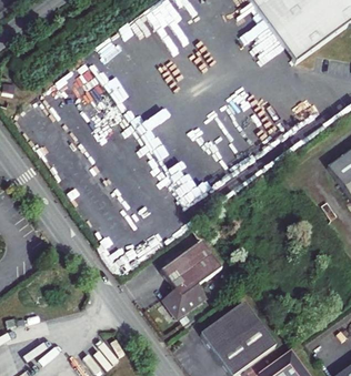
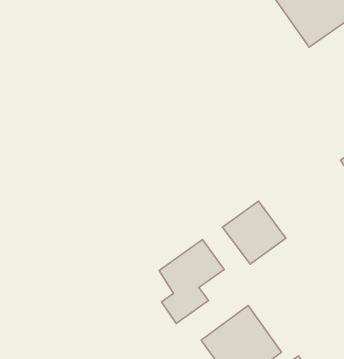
building: none -> [223,201,286,264]

